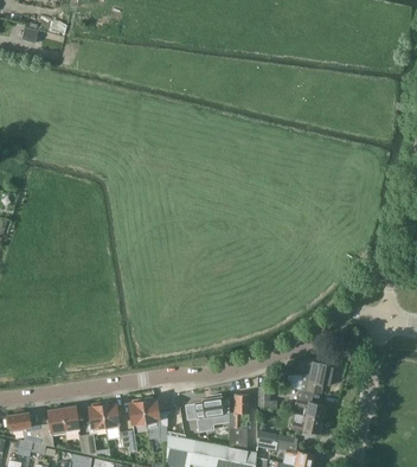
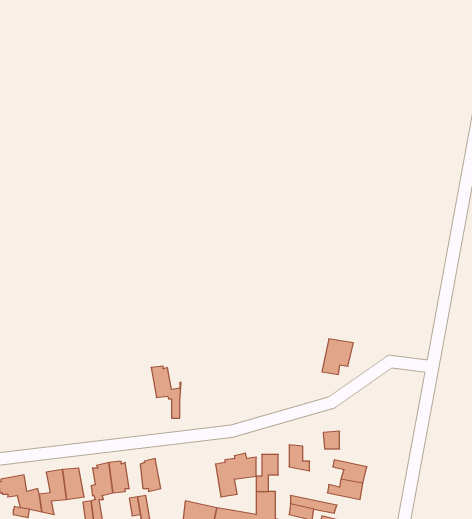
building: [306,364,333,395] -> [322,339,353,374]
building: [141,398,167,443] -> [151,366,181,418]

